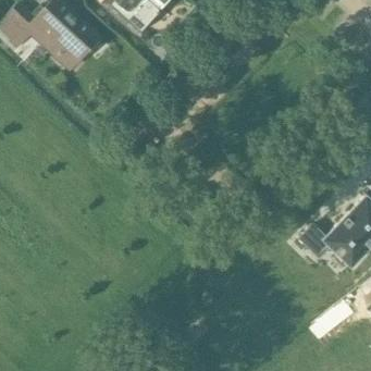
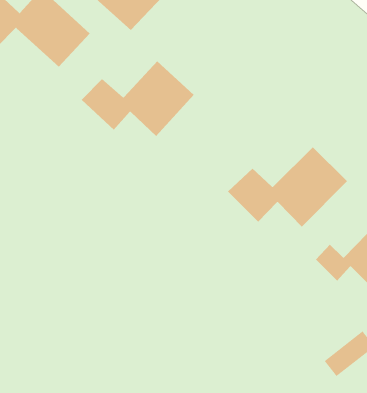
building: none -> [81,60,195,137]
building: none -> [227,146,348,227]

